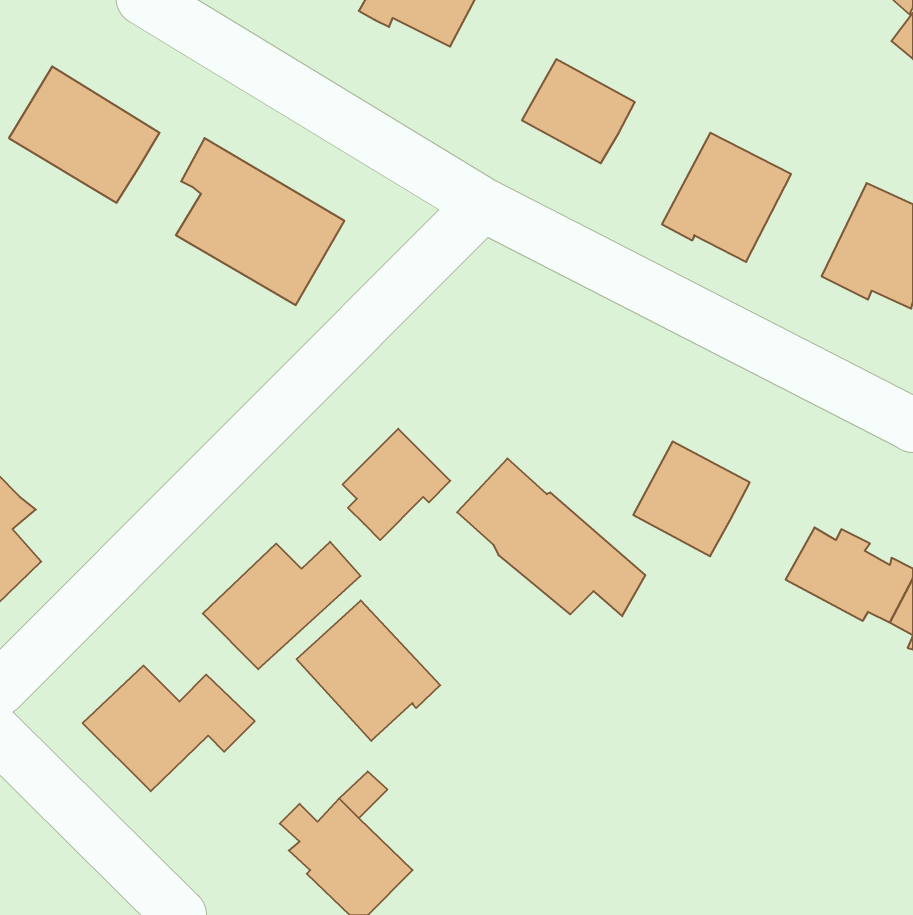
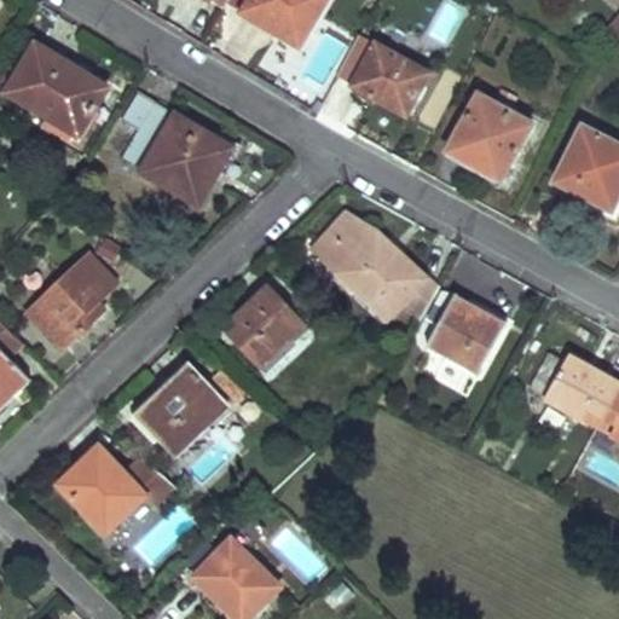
building: none -> [28,255,114,348]
building: [457,458,645,616] -> [311,212,438,318]
building: [297,600,440,741] -> none

